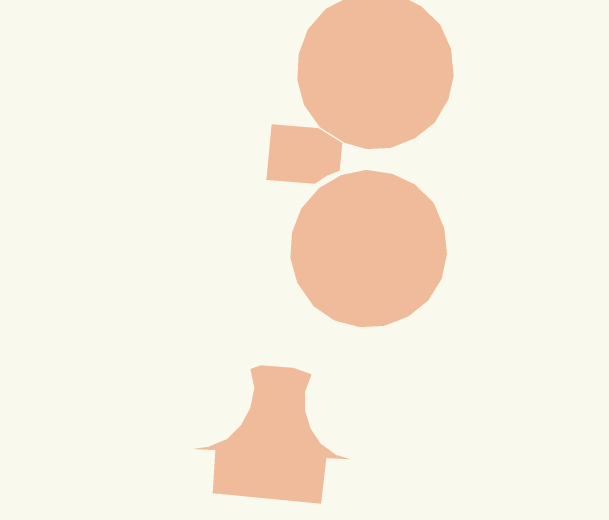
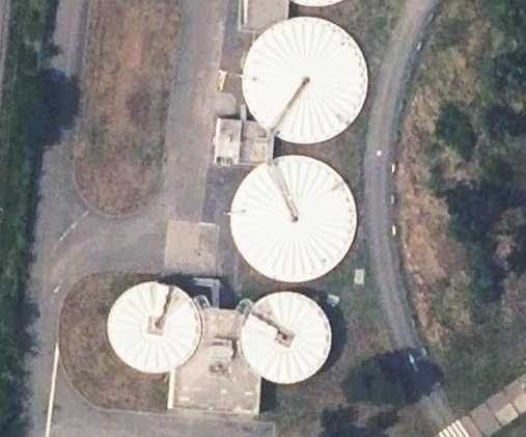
building: none -> [110,278,204,373]
building: none -> [245,294,332,381]

